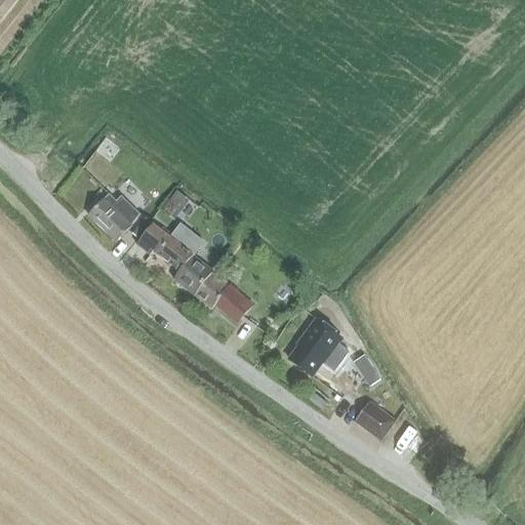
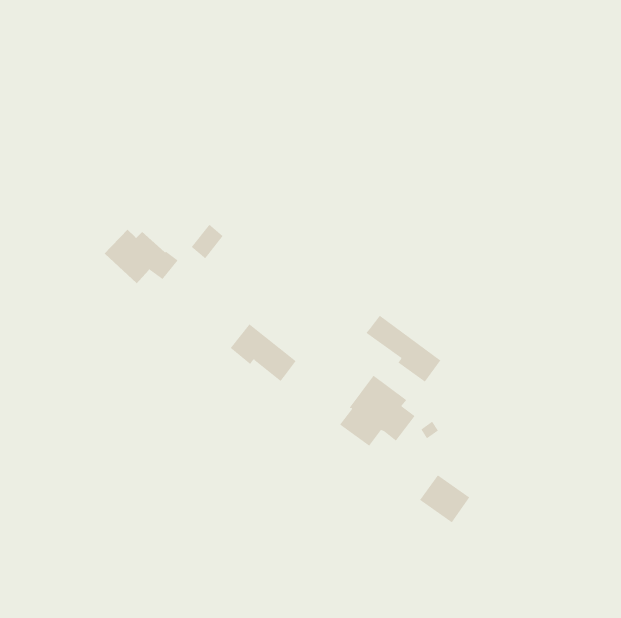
building: [136,223,212,293] -> none
building: none -> [366,315,441,383]

